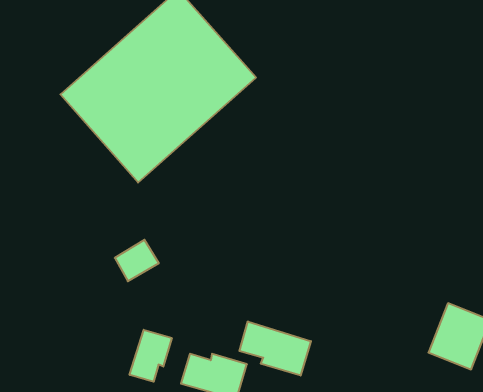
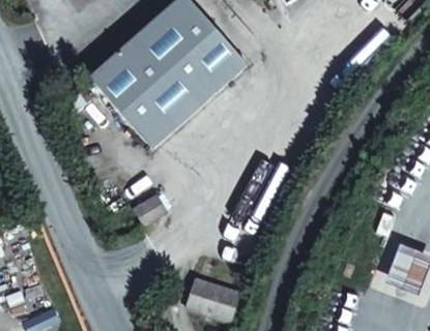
building: [239,321,311,376] -> none
building: [130,330,172,382] -> none

